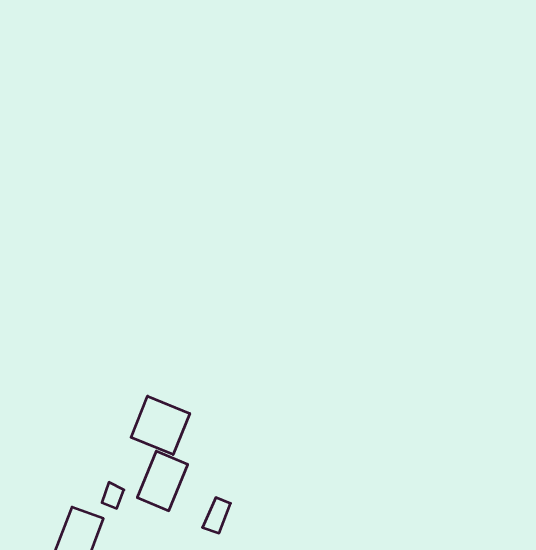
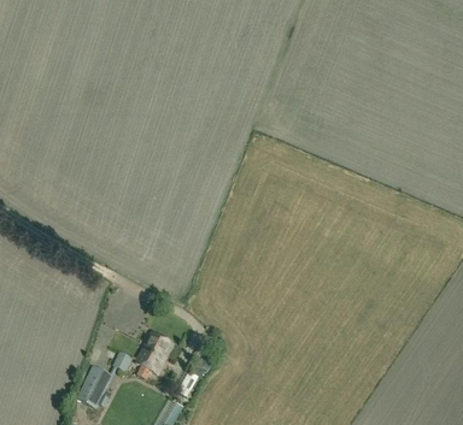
building: [131,396,190,455] -> none

